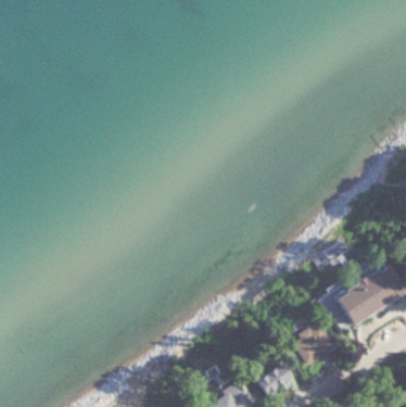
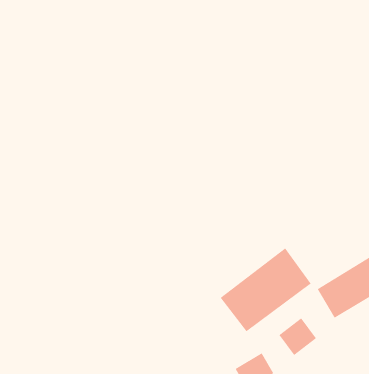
building: none -> [220,247,312,332]

